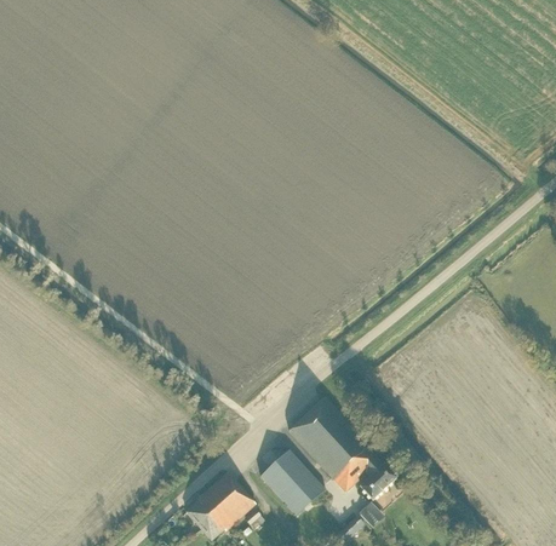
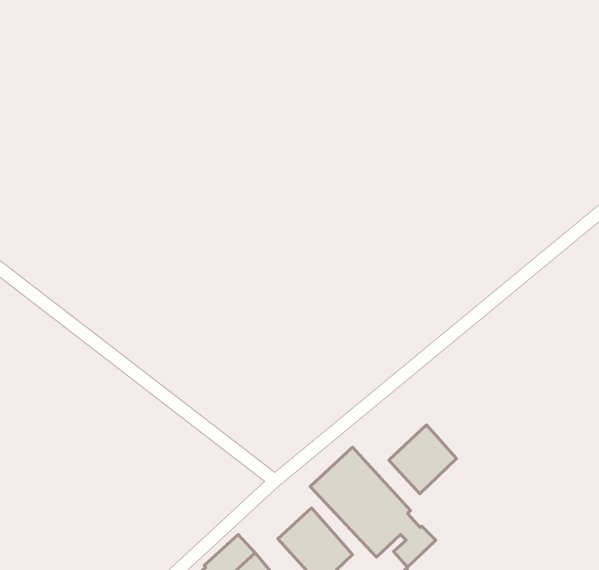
building: none -> [389,425,456,494]

